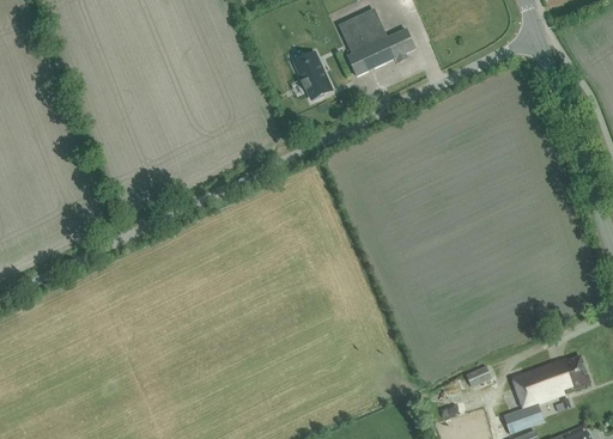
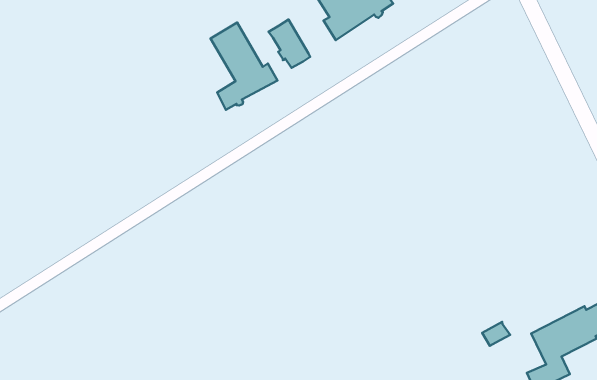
building: none -> [210,22,278,110]

